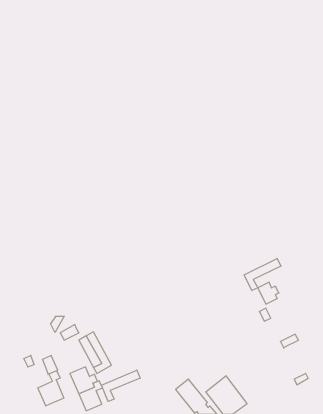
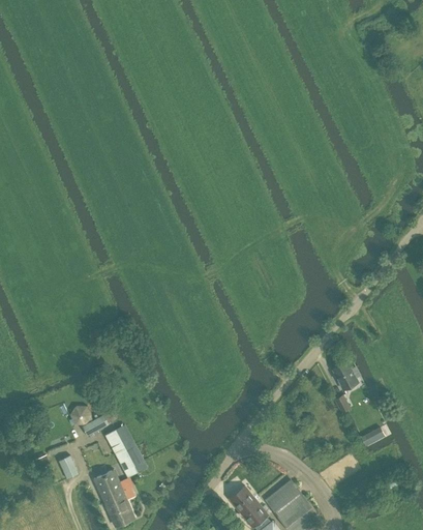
building: [244,258,281,291] -> none
building: [101,370,140,401] -> none
building: [38,371,64,406] -> none

